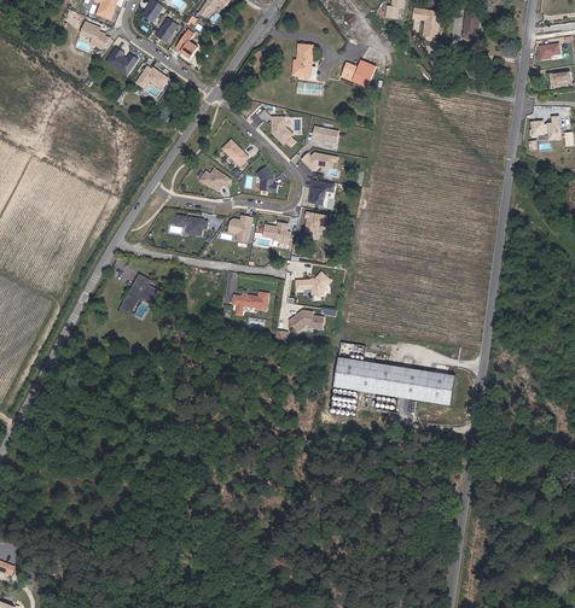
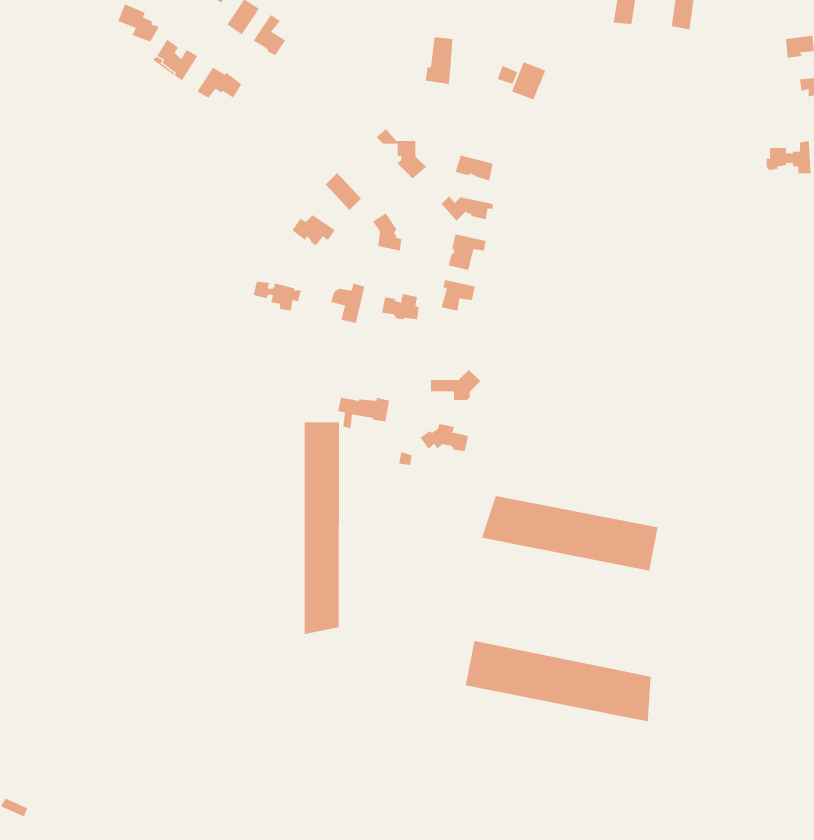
building: [122,274,158,312] -> none
building: none -> [304,422,340,635]
building: none -> [465,640,651,722]

